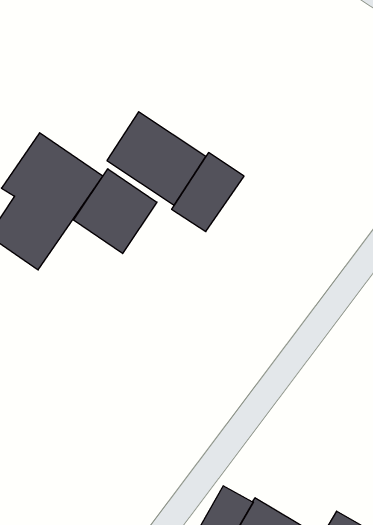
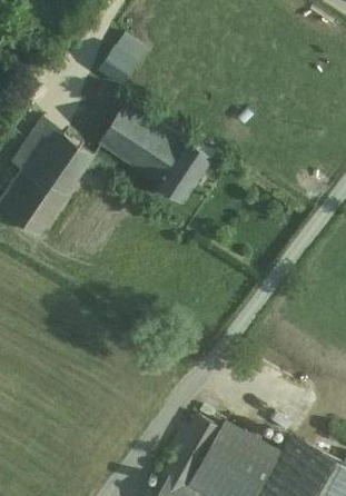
building: none -> [99,34,148,88]
building: [74,169,157,254] -> none

